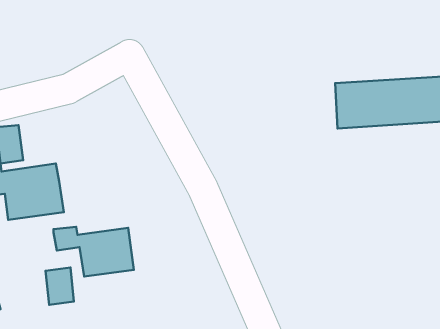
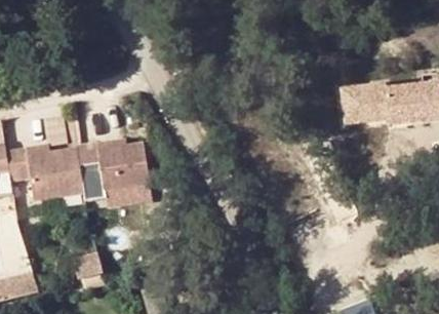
building: [54,227,134,277] -> [87,149,160,194]

